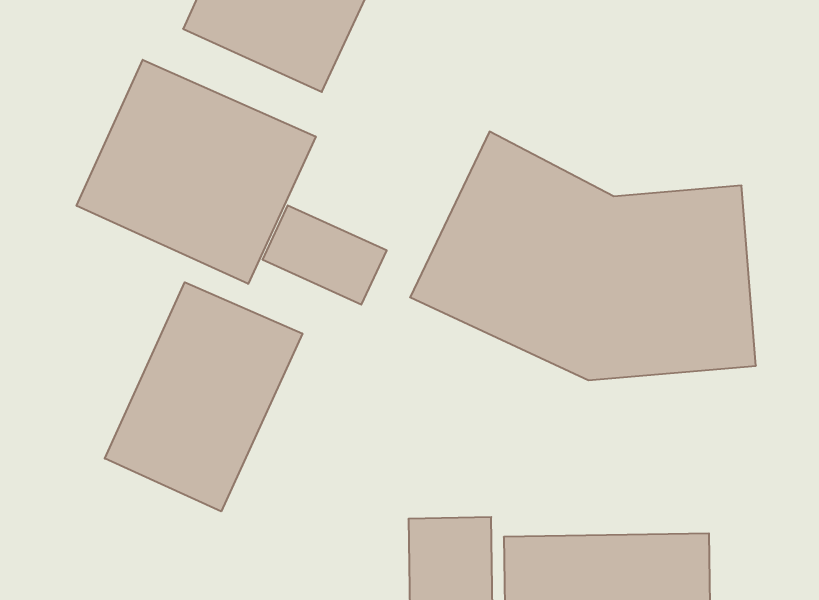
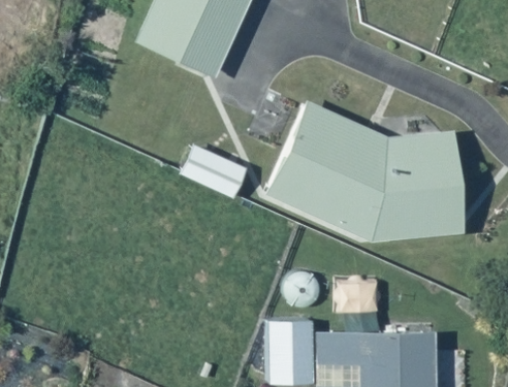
building: [77,60,316,284] -> none
building: [105,282,302,511] -> none

